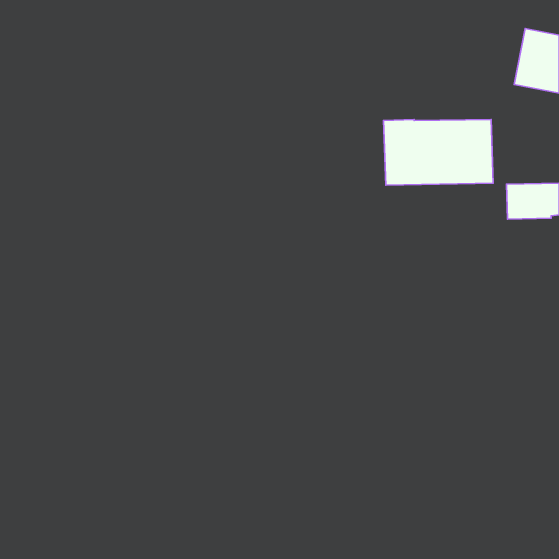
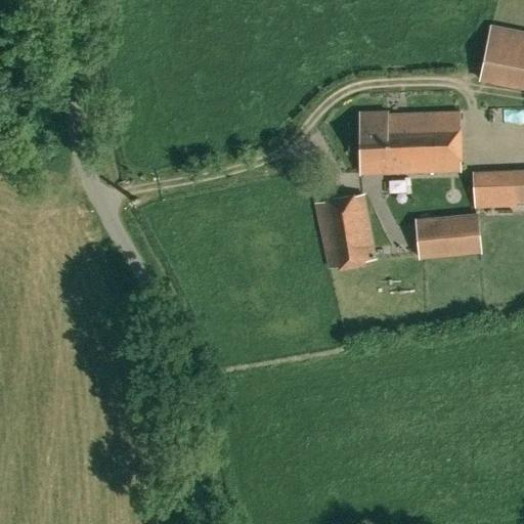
building: none -> [315,195,375,267]
building: none -> [416,215,480,257]

